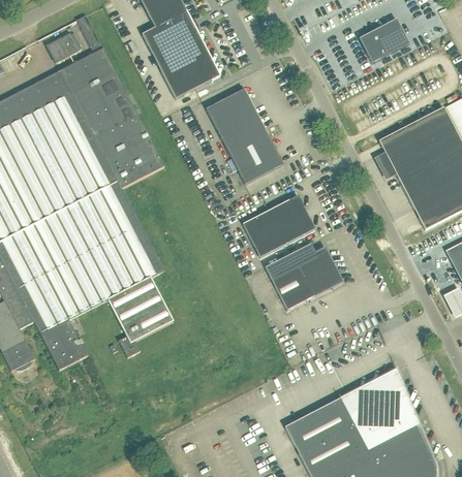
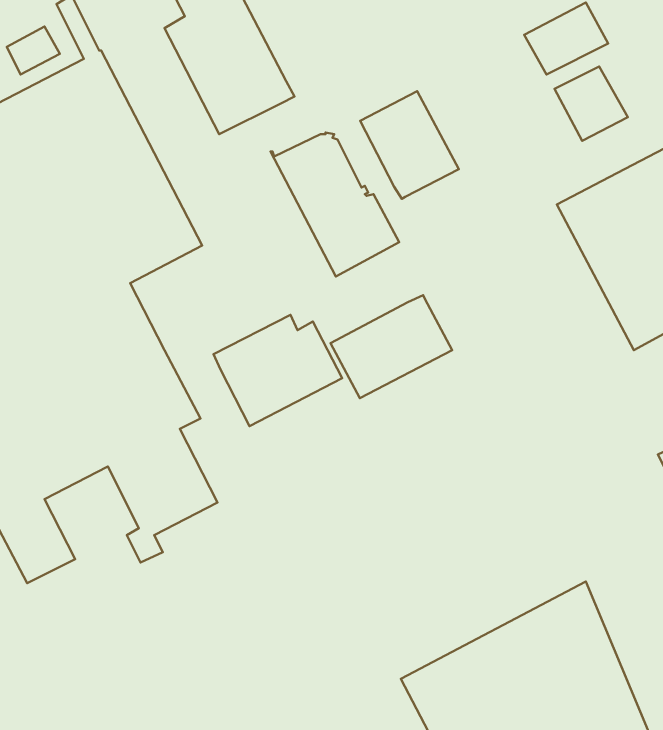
building: none -> [555,67,628,141]
building: none -> [360,91,459,199]
building: [265,243,342,310] -> [214,315,342,426]

